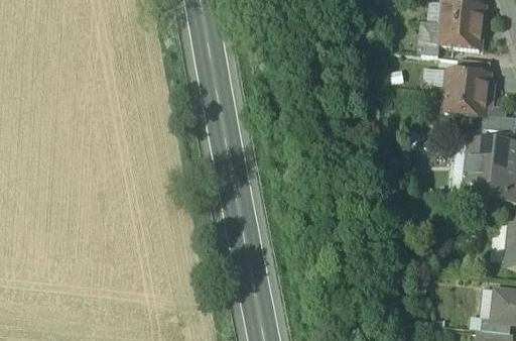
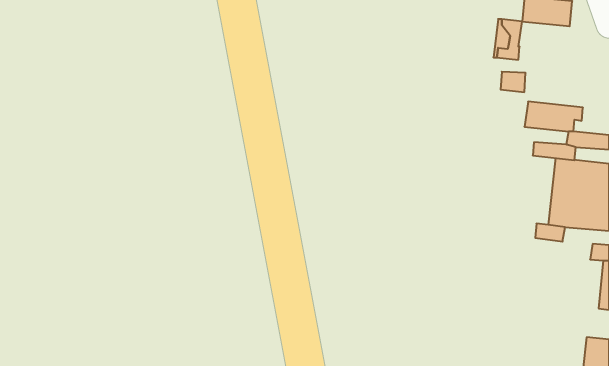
building: [438,21,482,46] -> none
building: [446,68,494,94] -> none

